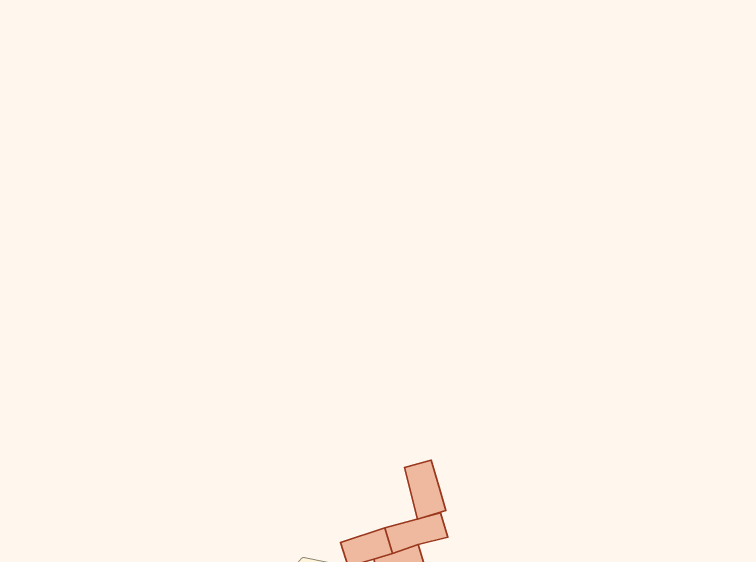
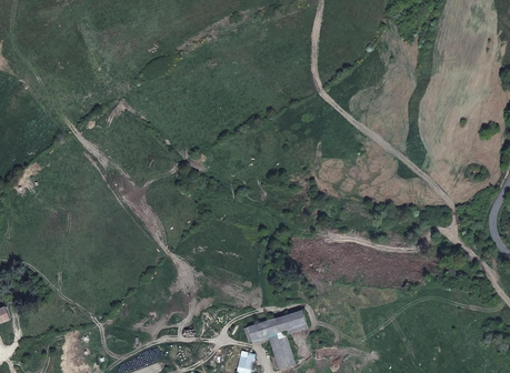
building: [404,460,446,519] -> none

